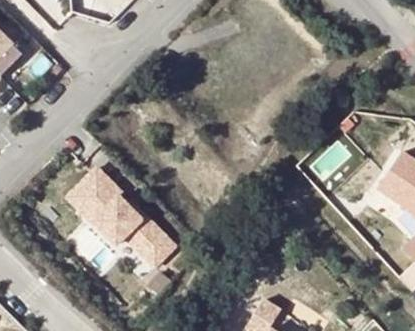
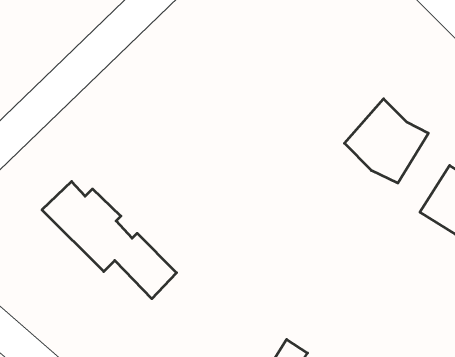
building: none -> [344,99,428,183]

